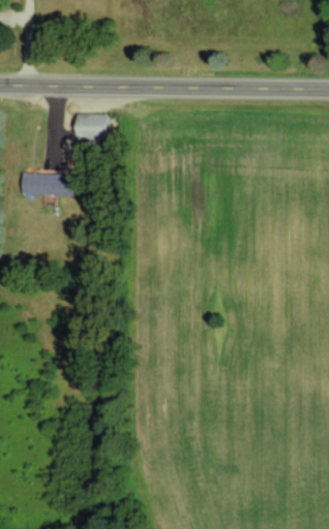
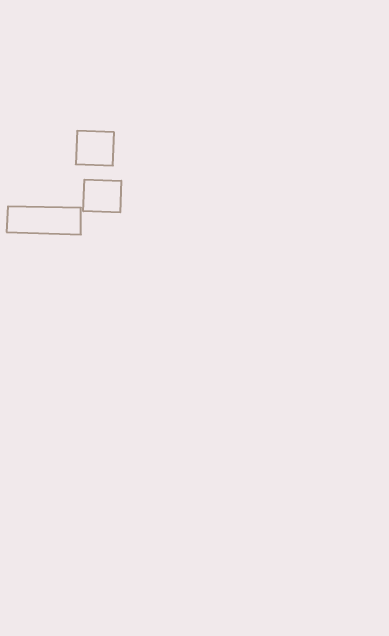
building: none -> [83,180,121,212]

